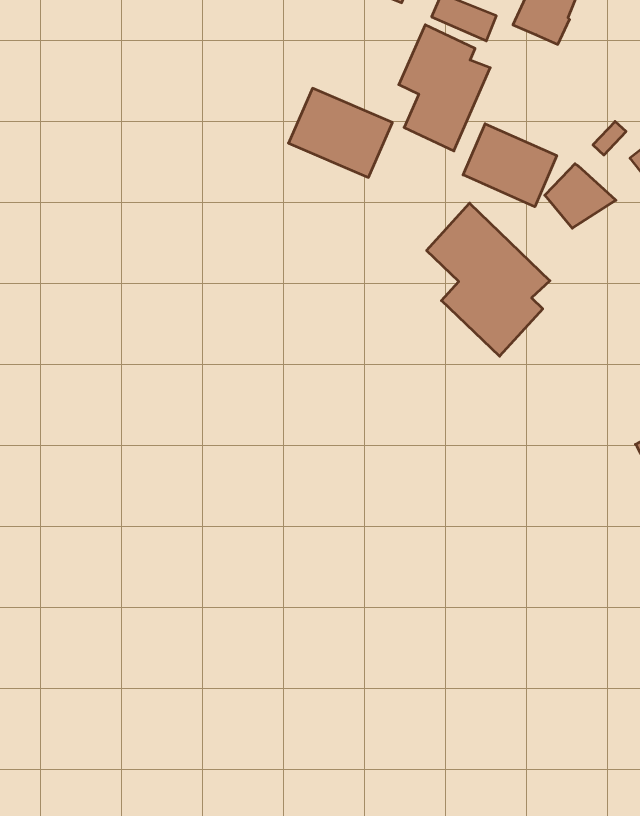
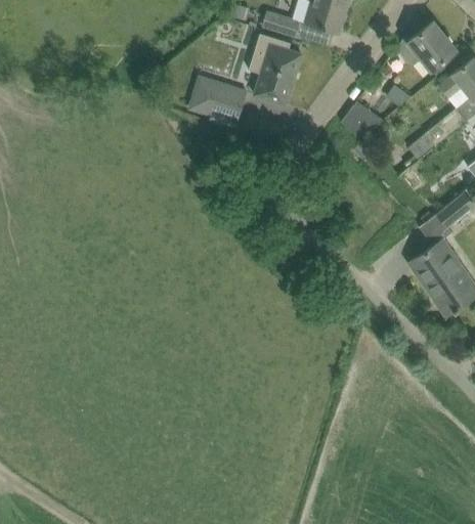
building: [463,124,557,207] -> none
building: [427,203,550,356] -> none

